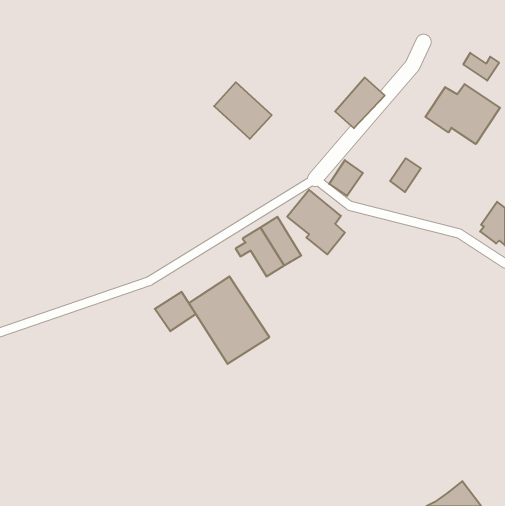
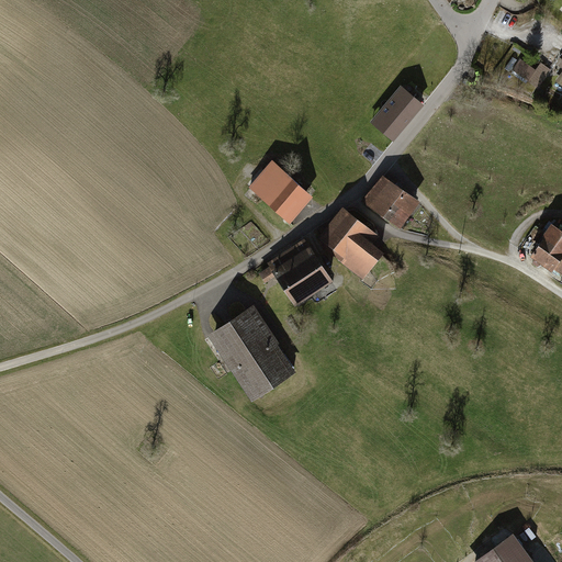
building: [214,82,272,139] -> [249,161,313,224]
building: [425,84,500,144] -> none
building: [390,158,421,192] -> [383,191,417,228]
building: [155,292,196,331] -> none

